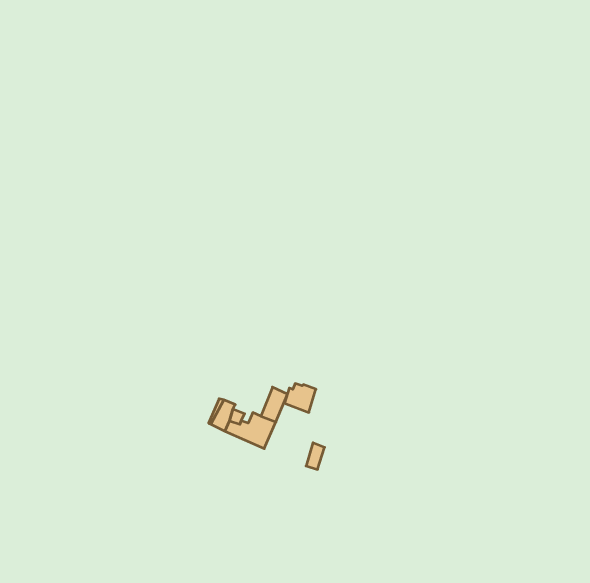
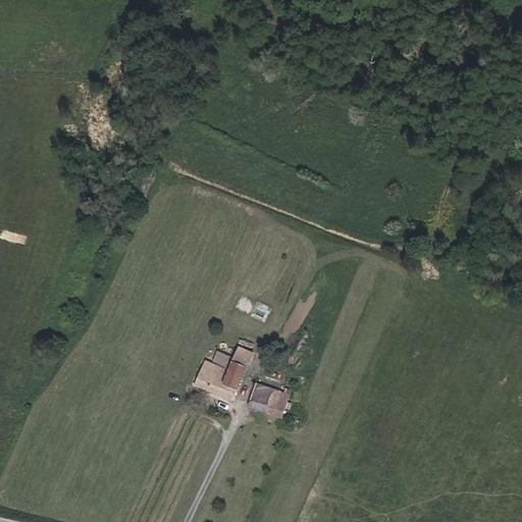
building: [285,384,316,412] -> [250,384,277,410]

